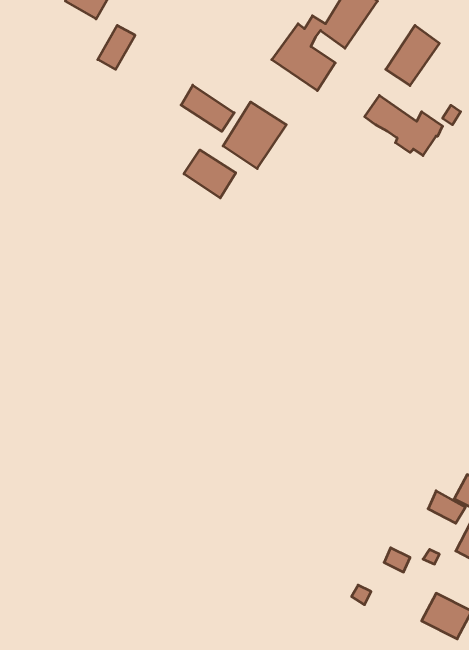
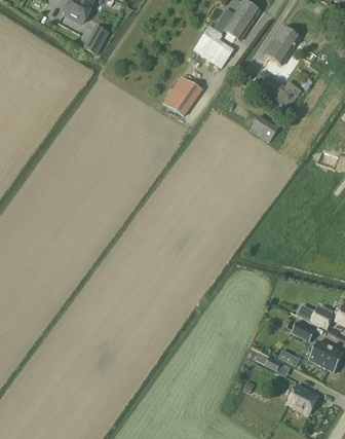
building: [181,85,234,131] -> none
building: [184,150,236,198] -> none
building: none -> [248,115,277,142]

